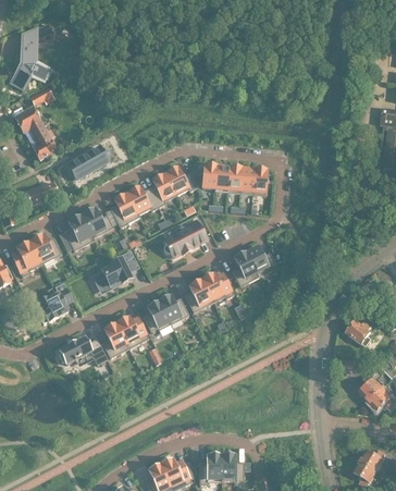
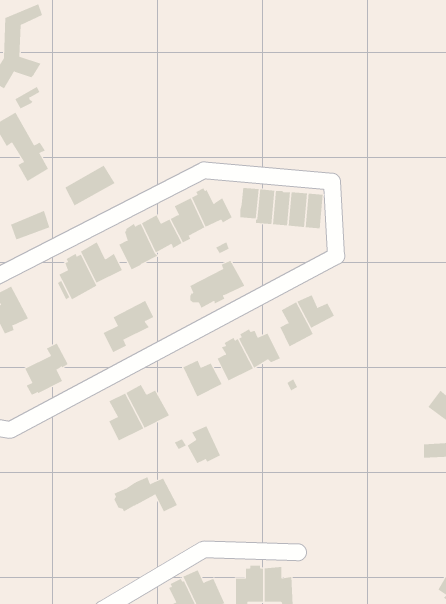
building: [28,233,62,263] -> none
building: [144,300,170,330] -> [187,426,221,464]
building: [59,336,108,364] -> [114,477,178,512]

